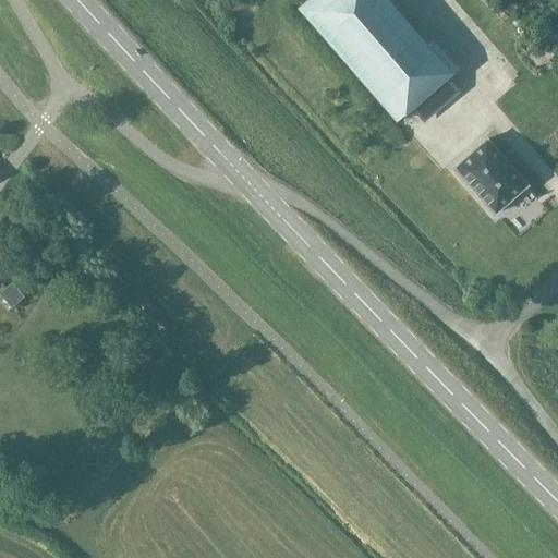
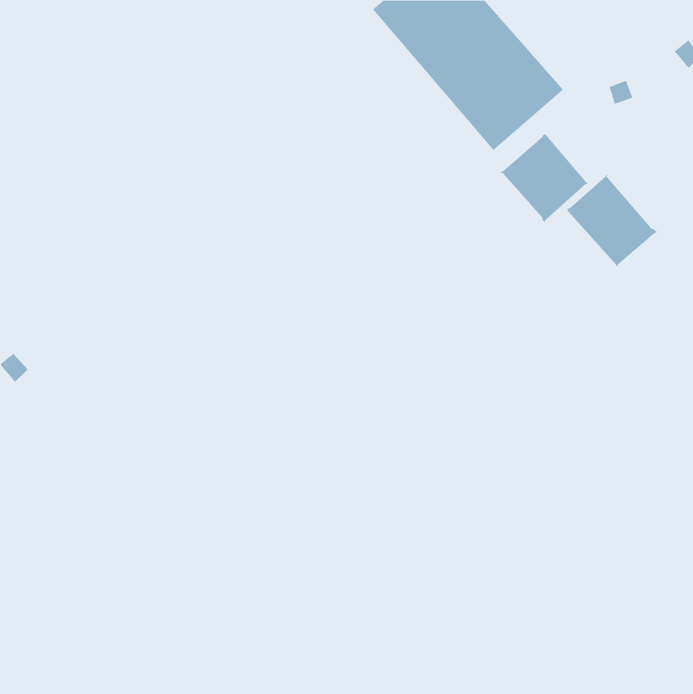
building: none -> [500,134,589,223]

